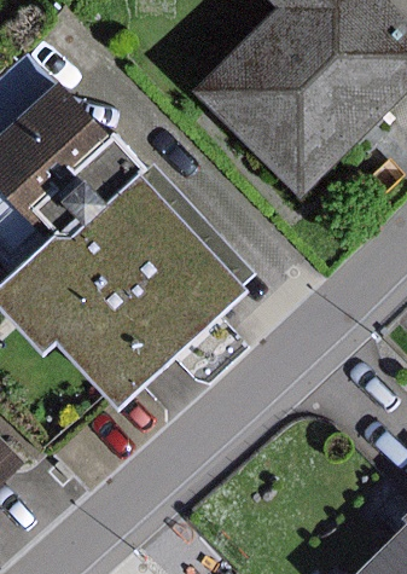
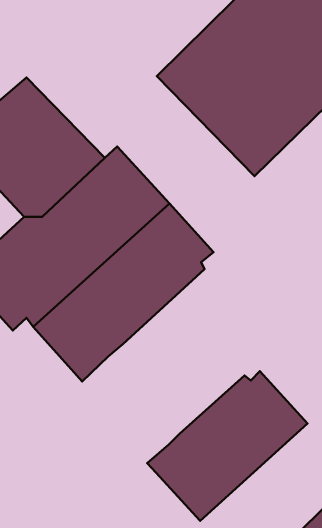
building: none -> [147,371,307,521]

